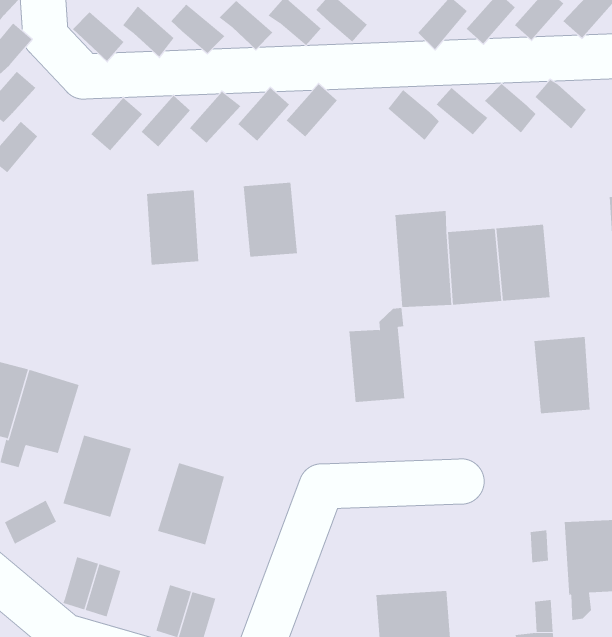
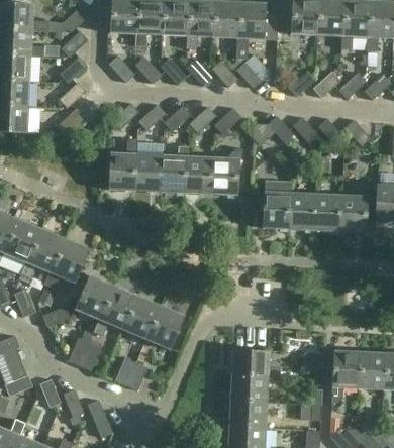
building: none -> [108,138,138,191]
building: none -> [161,144,189,193]
building: [348,307,405,403] -> [212,147,242,195]
building: [533,336,590,414] -> [340,194,369,233]
building: none -> [94,285,137,335]
building: none -> [146,305,185,349]
building: none -> [231,348,281,378]

